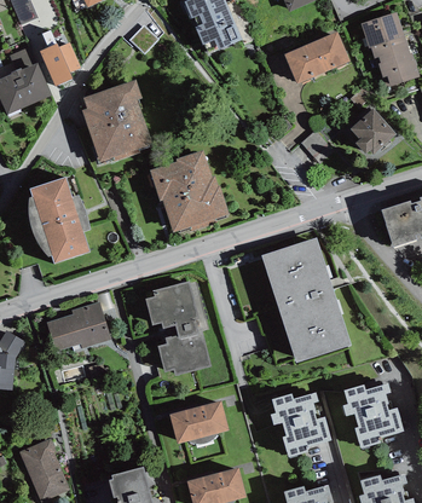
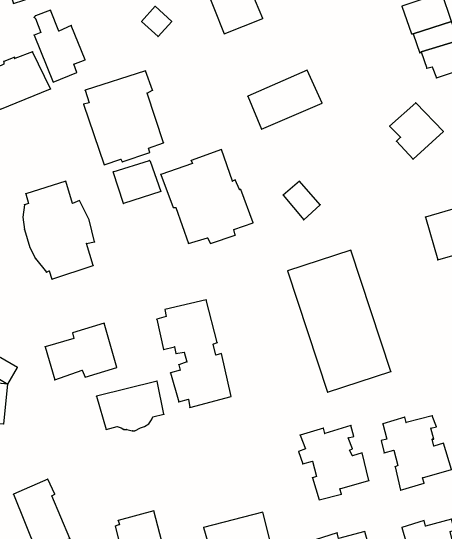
building: [284,31,349,83] -> [248,70,322,129]
building: [301,131,334,164] -> [283,181,320,220]
building: none -> [113,160,161,204]
building: [168,400,227,444] -> [96,381,164,431]

